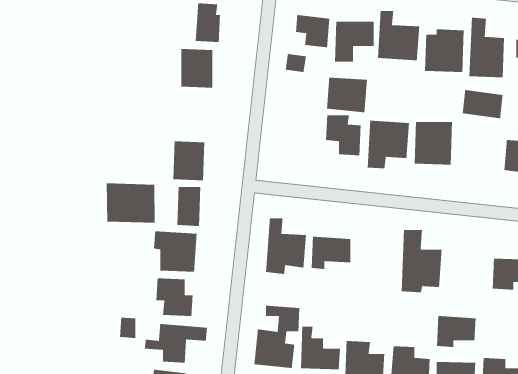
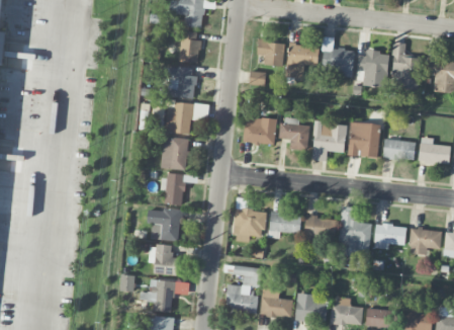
building: [326,77,368,113] -> [244,116,276,145]
building: [462,89,504,119] -> [383,138,416,161]
building: none -> [165,101,202,134]
building: [106,183,156,224] -> none
building: none -> [303,216,336,241]
building: [436,315,476,348] -> [374,224,405,249]

